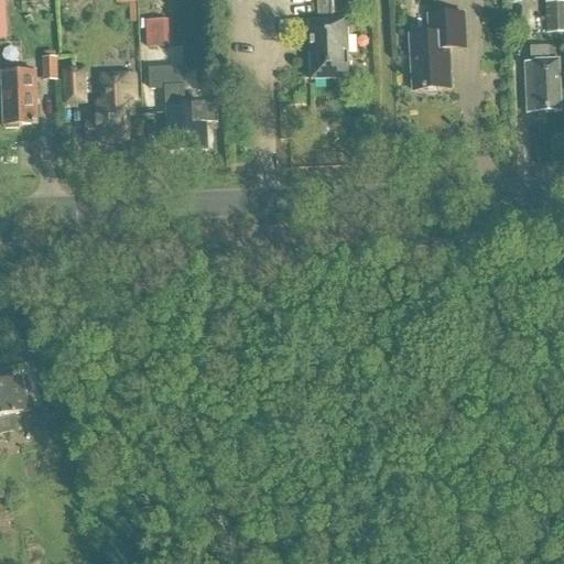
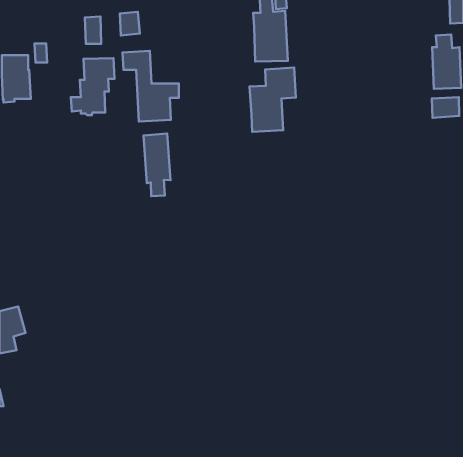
building: [410,8,466,86] -> [250,68,296,132]
building: [65,65,85,98] -> [85,17,101,44]
building: none -> [432,97,459,118]
building: none -> [144,133,170,196]

